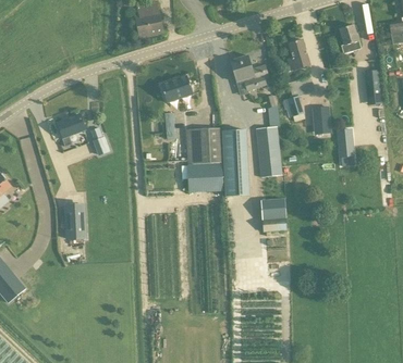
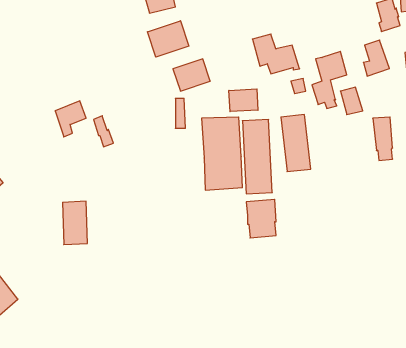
building: [288,39,310,71] -> [363,40,389,76]
building: none -> [147,21,189,57]
building: none -> [229,89,258,112]
building: [260,198,286,231] -> [246,199,276,238]

